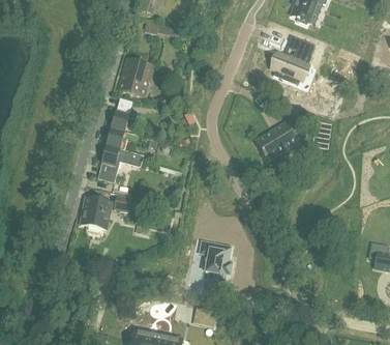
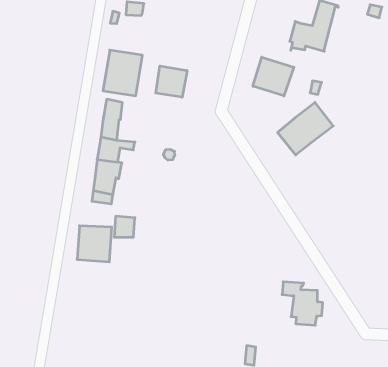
building: none -> [156,66,187,97]
building: none -> [253,57,294,96]
building: [199,241,231,280] -> [282,282,323,325]

